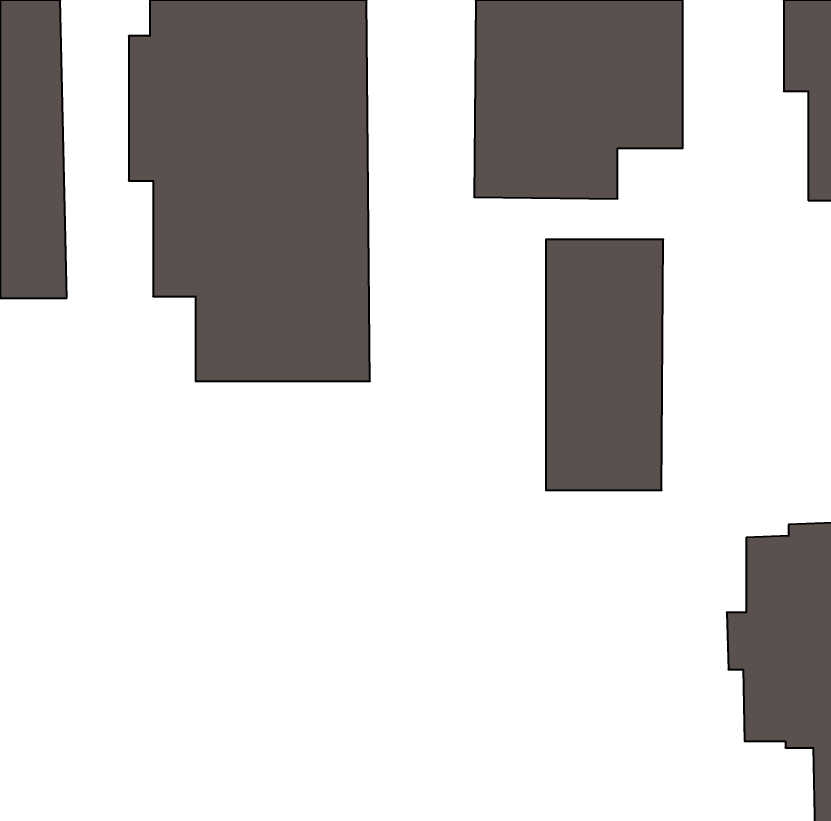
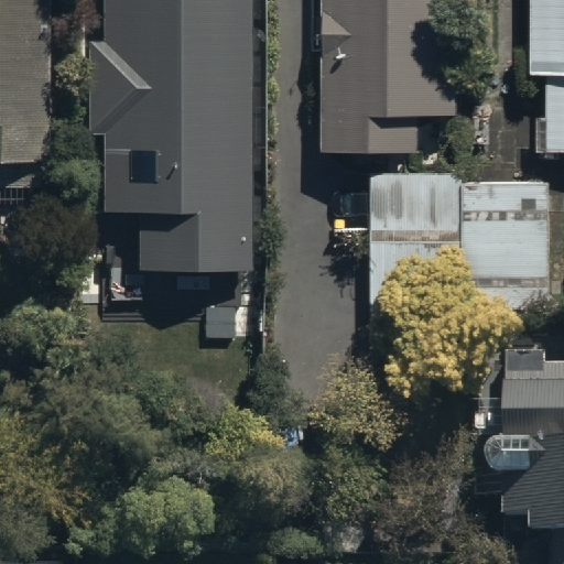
building: none -> [465,176,551,302]

